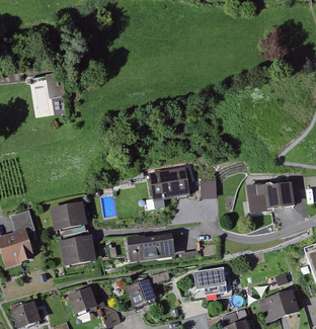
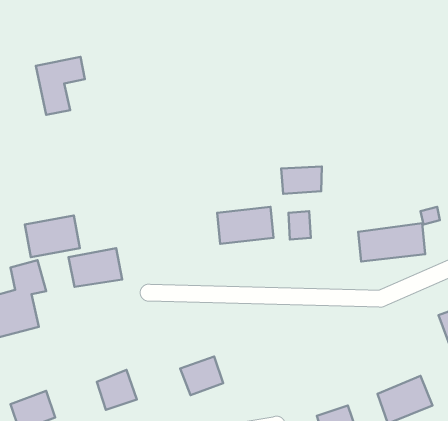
building: none -> [281,166,322,194]
building: [58,236,95,264] -> [25,216,80,257]
building: [127,237,174,257] -> none
building: [195,270,224,294] -> none

